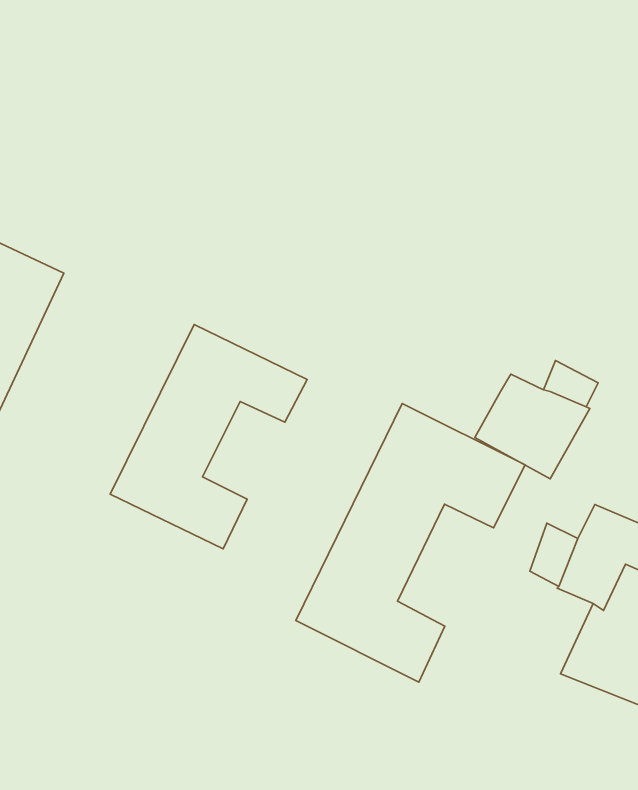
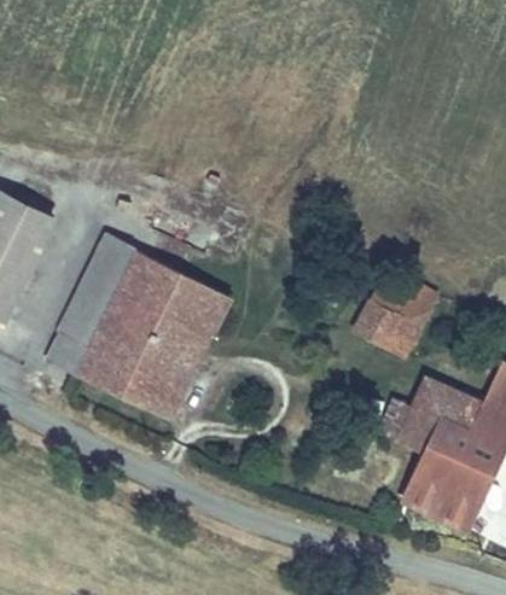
building: none -> [47,235,147,375]
building: none -> [153,310,211,379]
building: [296,403,525,682] -> none

